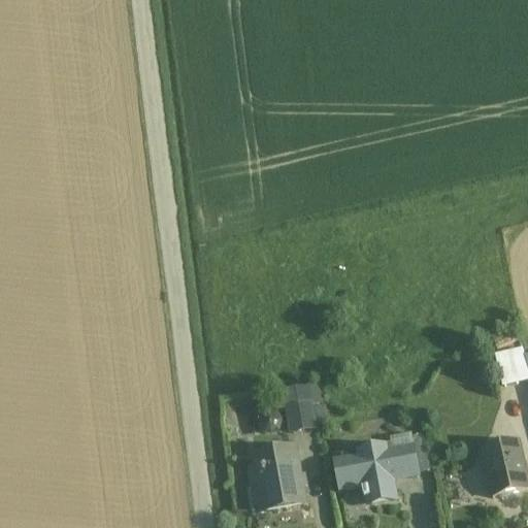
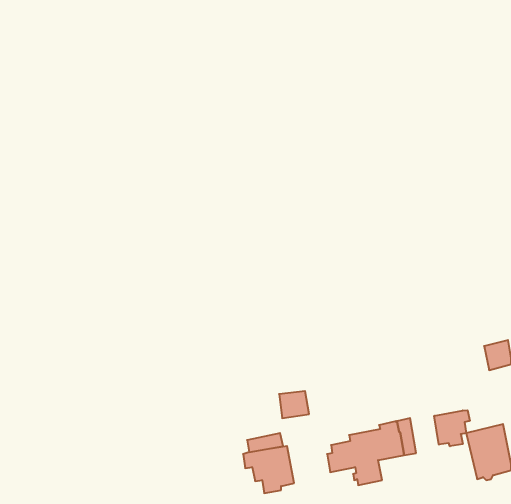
building: [275,381,324,407] -> none
building: none -> [434,410,470,446]

